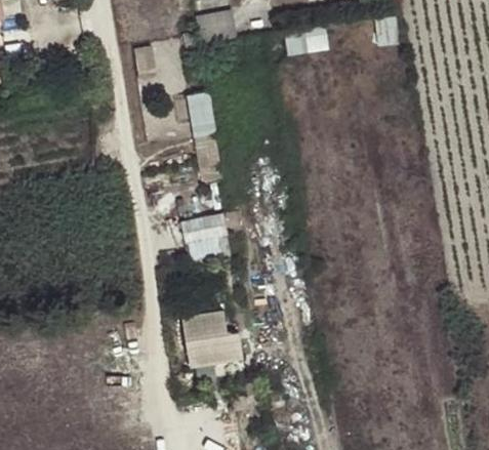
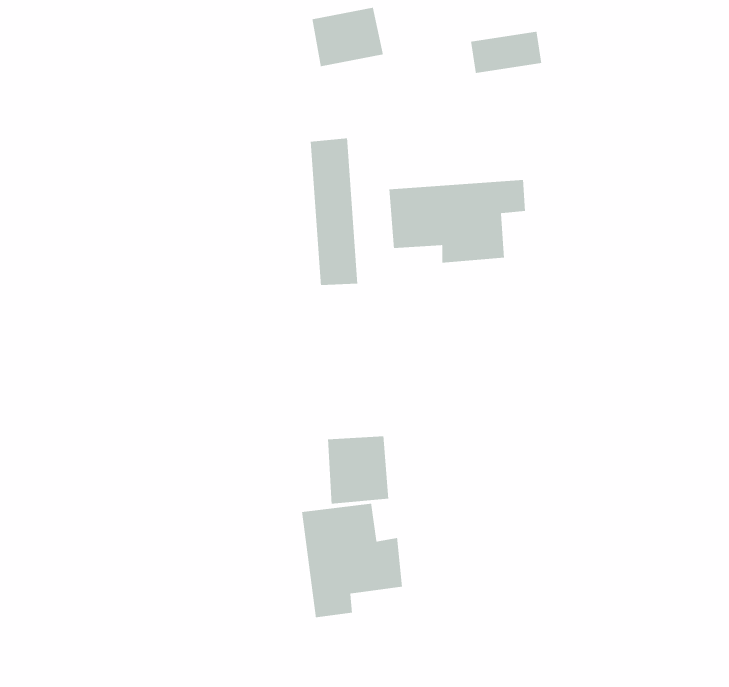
building: none -> [388,179,526,264]
building: [184,216,220,257] -> [327,435,389,504]

